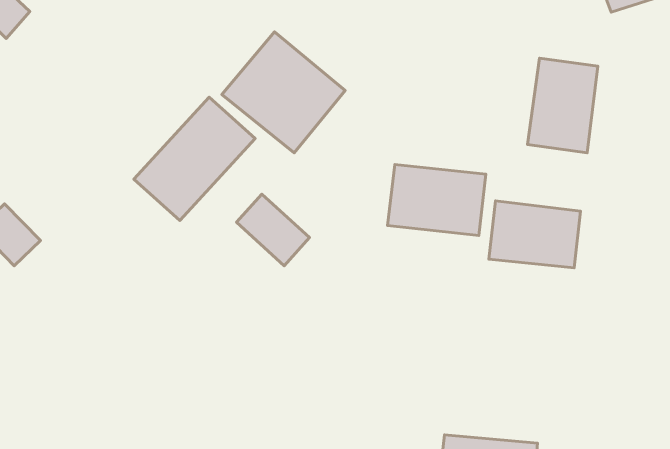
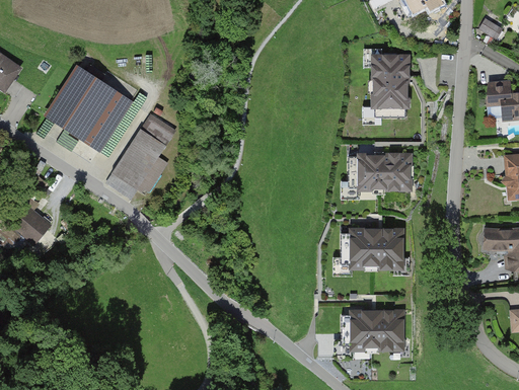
building: [222,32,345,153] -> [48,70,130,149]
building: [388,164,486,235] -> [341,229,403,272]
building: [236,194,310,266] -> none

